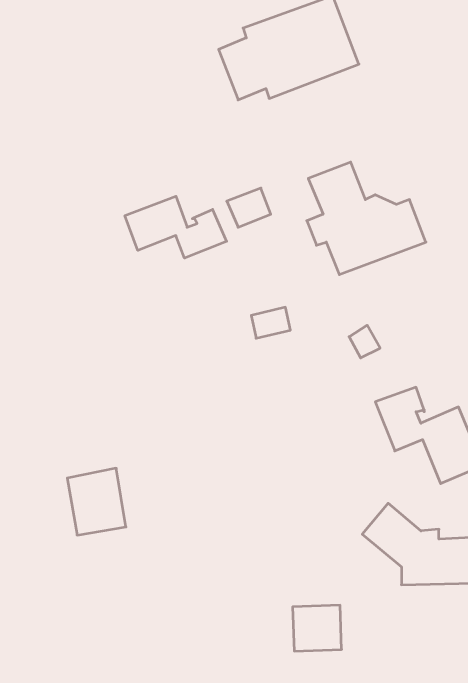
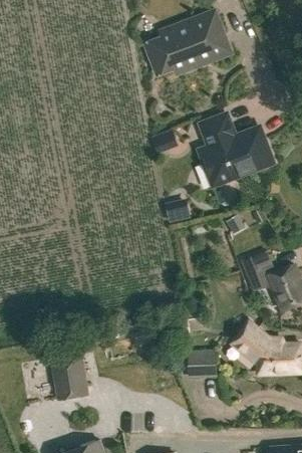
building: [125,196,227,258] -> none
building: [67,468,126,535] -> [52,358,88,399]
building: [293,605,342,651] -> [187,348,217,376]

